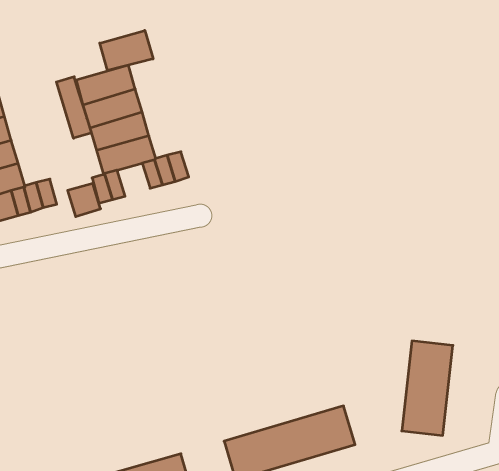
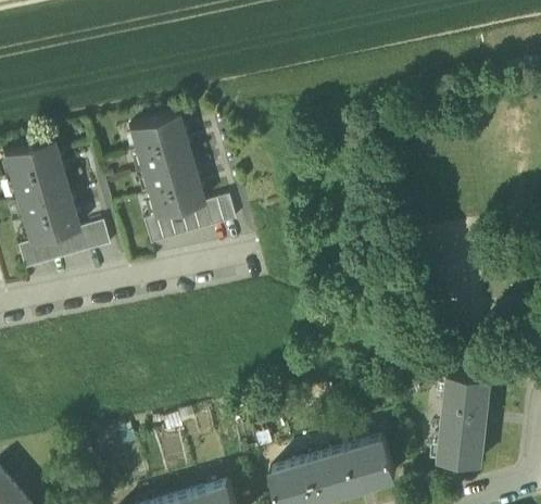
building: [100,30,153,71] -> none
building: [56,77,91,138] -> none
building: [68,184,101,217] -> [167,205,199,237]

